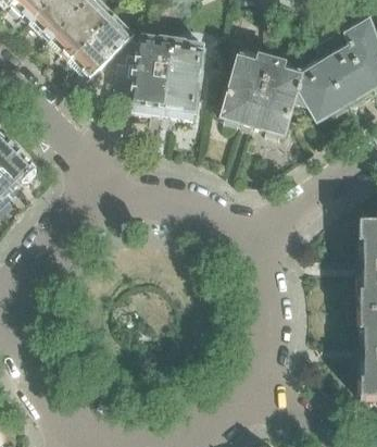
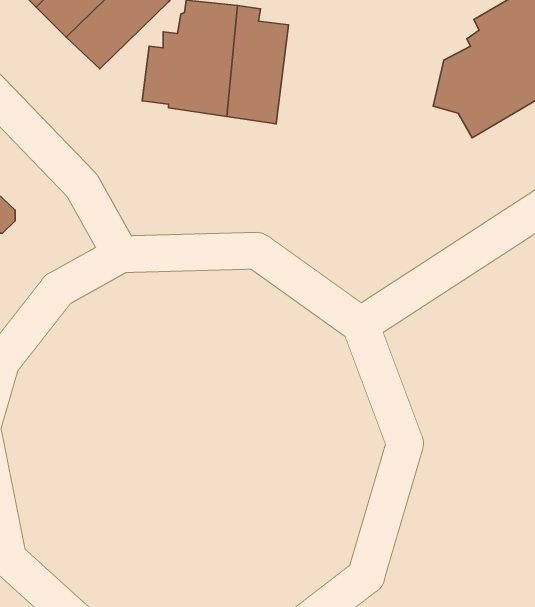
building: [221,52,299,137] -> none

